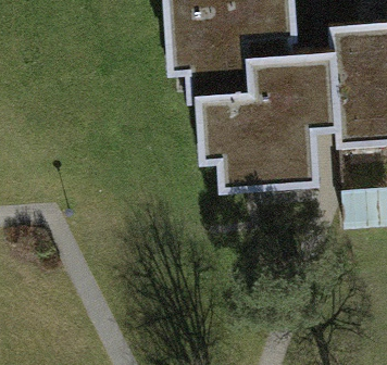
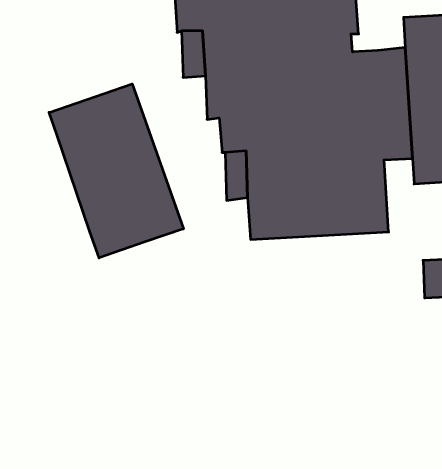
building: none -> [49,84,183,258]

